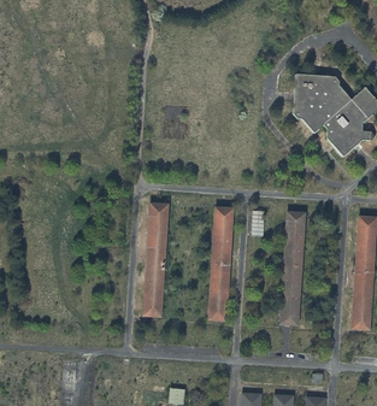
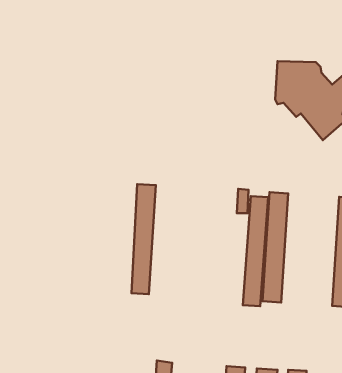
building: [207,206,234,320] -> [243,196,268,306]

